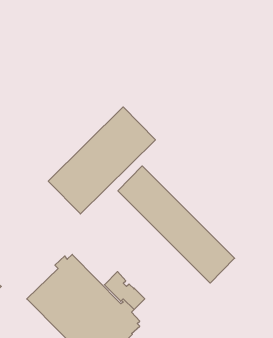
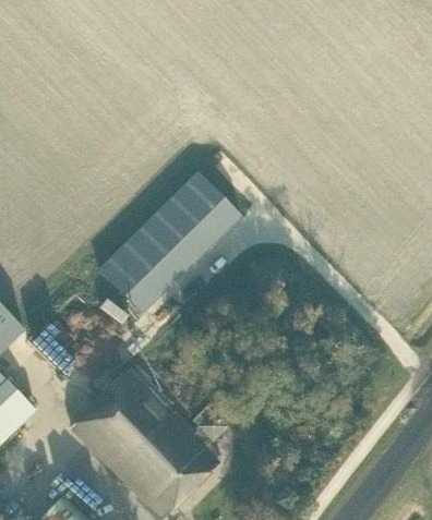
building: [118,166,235,283] -> none

